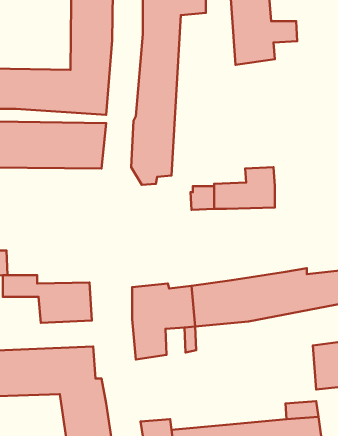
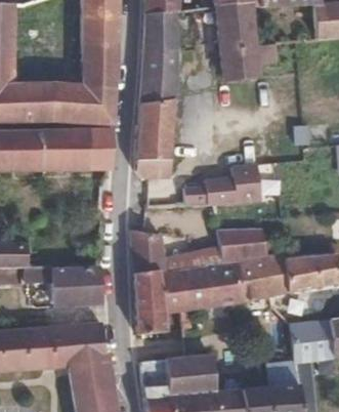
building: none -> [134,231,267,274]
building: none -> [165,354,217,396]

